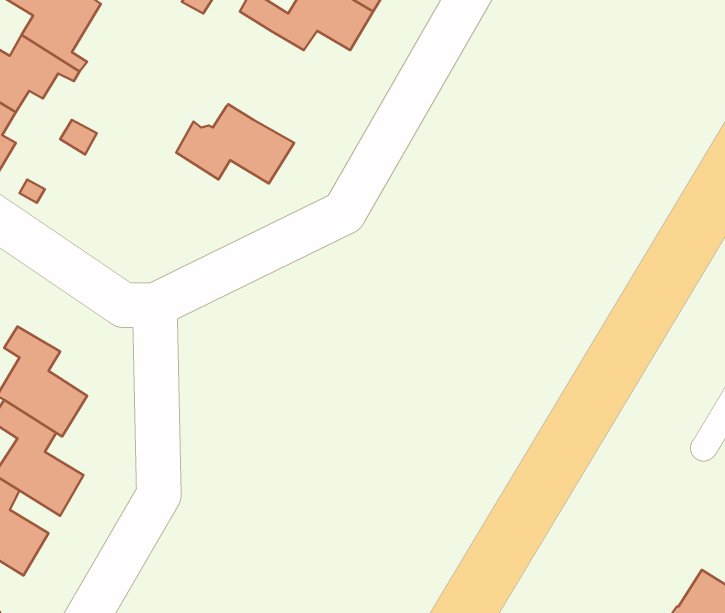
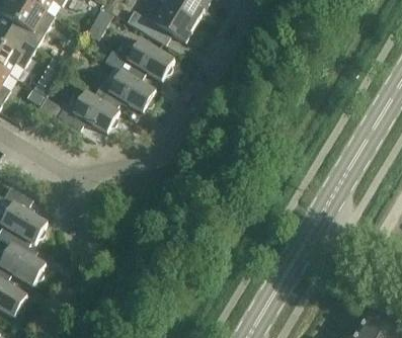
building: none -> [104,37,173,79]
building: none -> [57,89,118,132]

